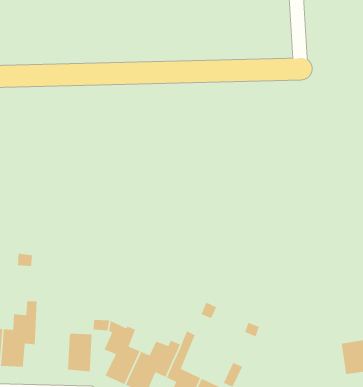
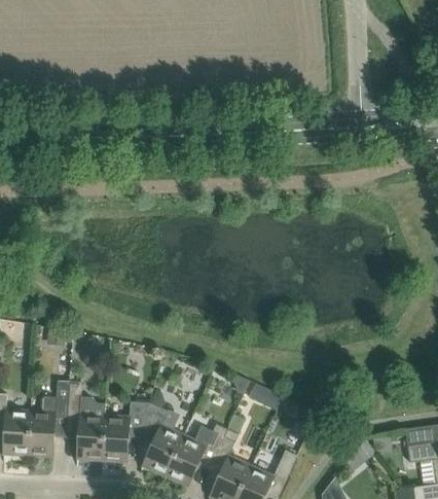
building: none -> [67,381,104,458]

